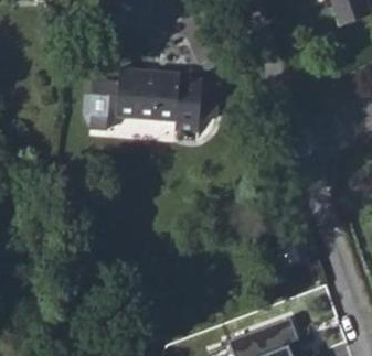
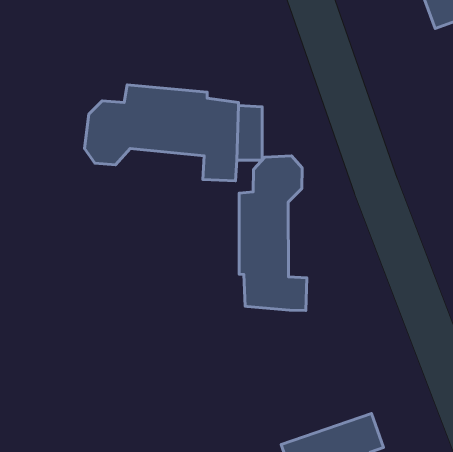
building: none -> [239,156,307,311]

